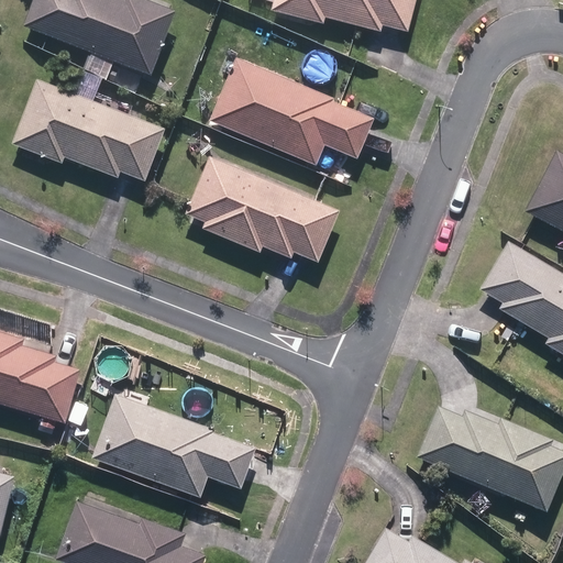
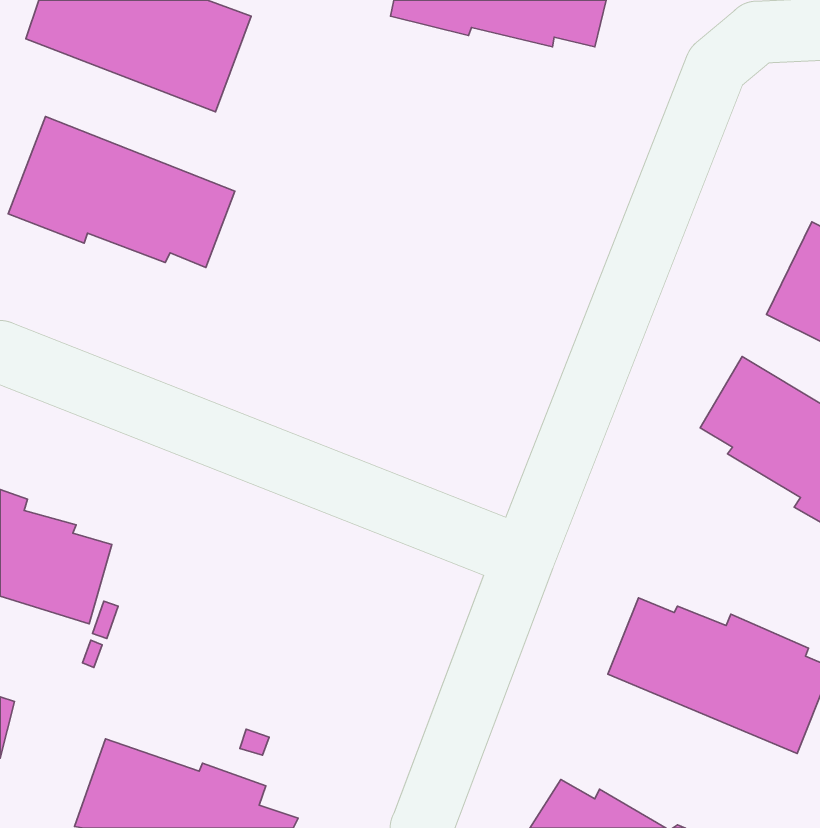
building: [209,57,375,166] -> none
building: [185,156,339,262] -> none
building: [92,394,256,498] -> none

